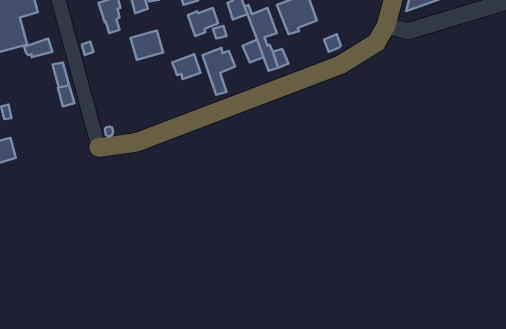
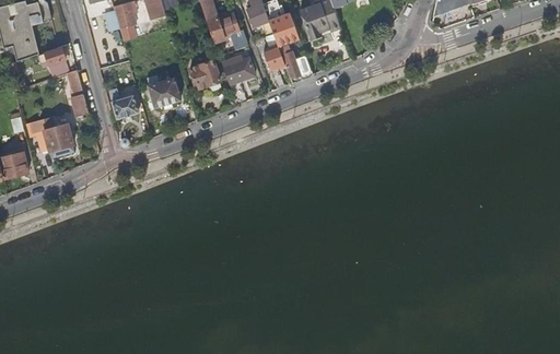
building: [131,30,163,60] -> [145,78,179,108]
building: none -> [112,94,139,118]
building: none -> [44,122,73,151]

